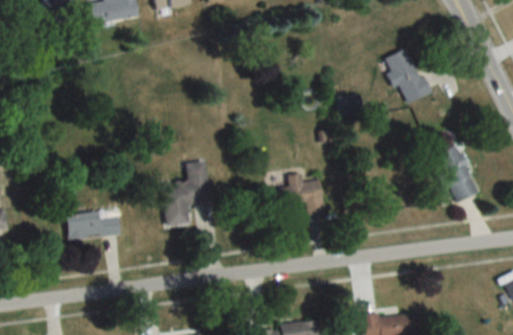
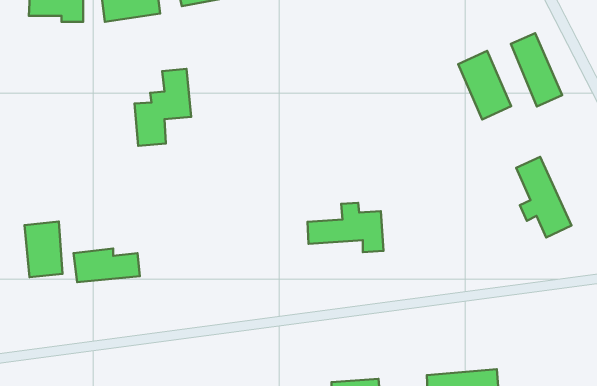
building: none -> [511,33,562,106]
building: [163,161,210,226] -> [134,69,191,146]
building: none -> [24,222,63,277]

